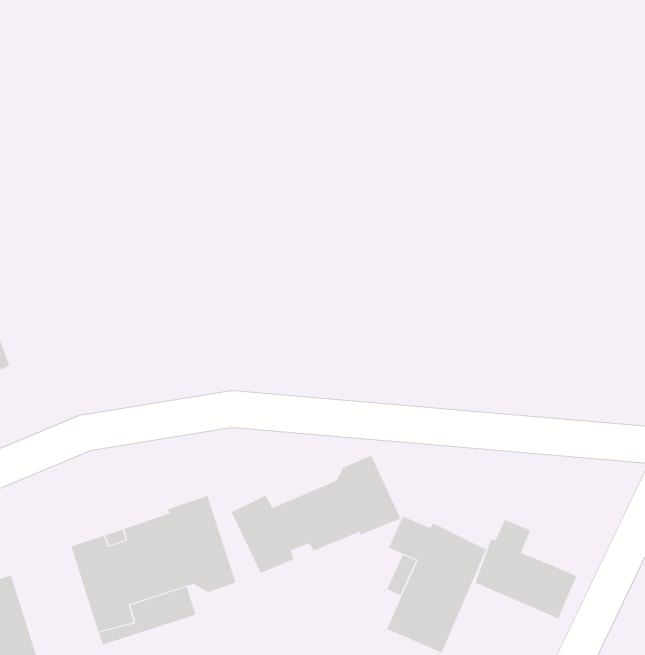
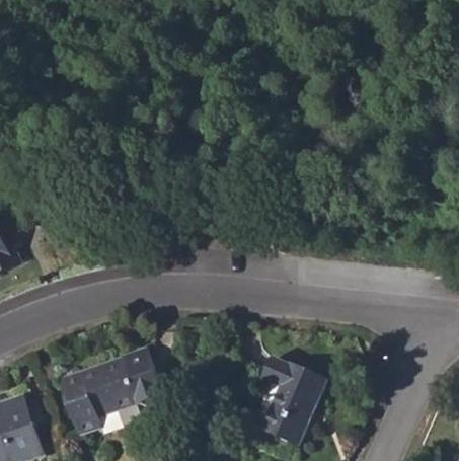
building: [231,455,401,574] -> none
building: [475,519,577,619] -> none

